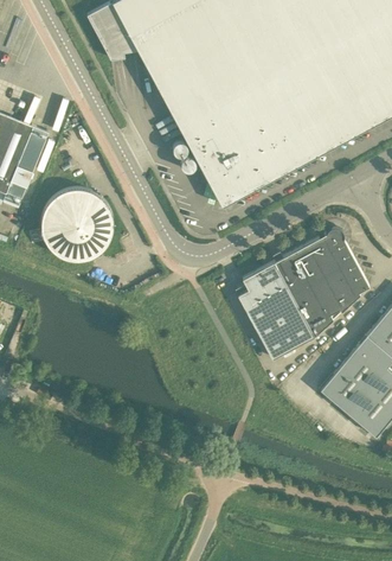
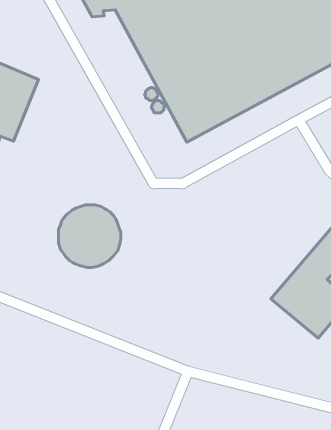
building: [40,187,114,261] -> [58,205,121,268]
building: [237,227,368,358] -> none

